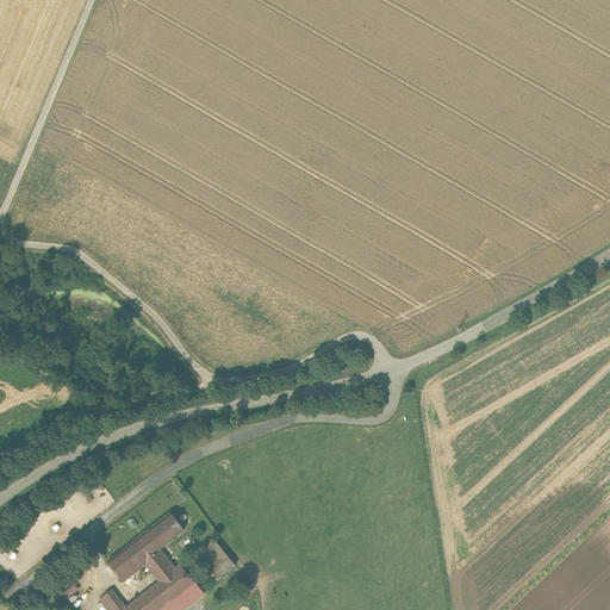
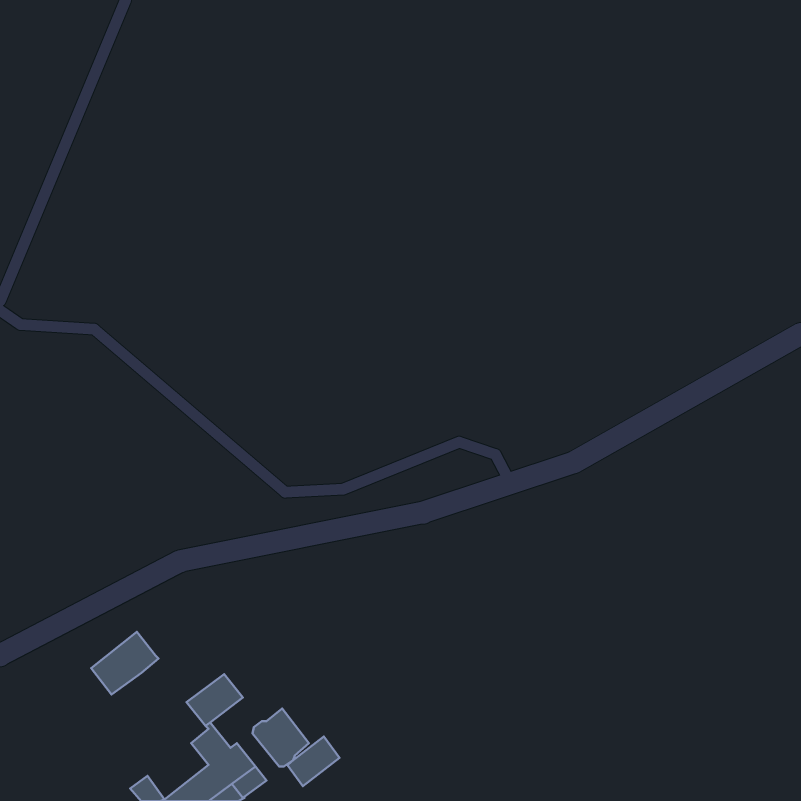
building: [107,534,158,581] -> [91,632,159,695]
building: none -> [287,736,339,786]

